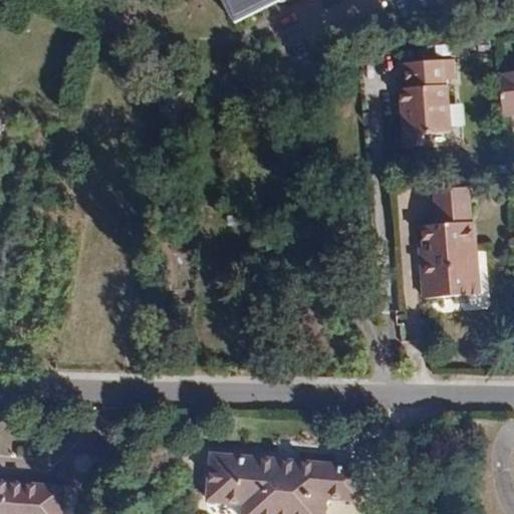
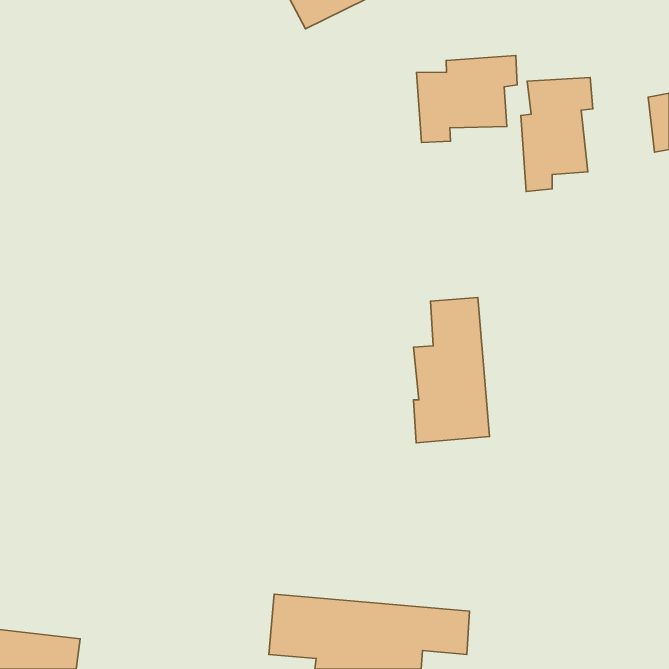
building: none -> [416,56,517,143]
building: [421,187,479,298] -> [414,297,490,443]

